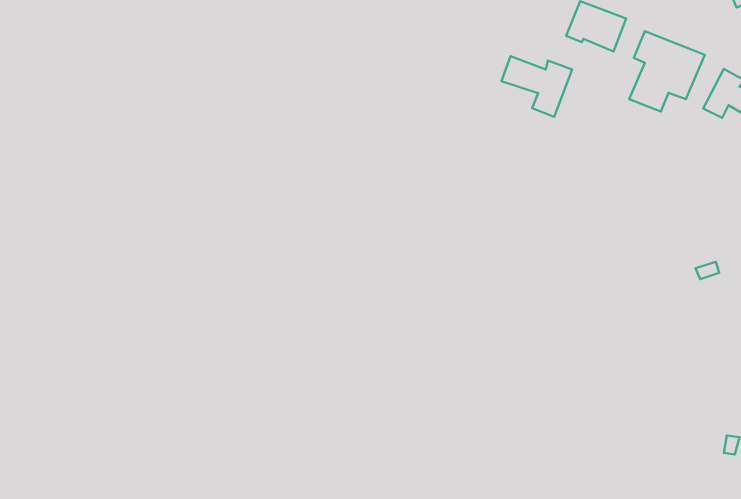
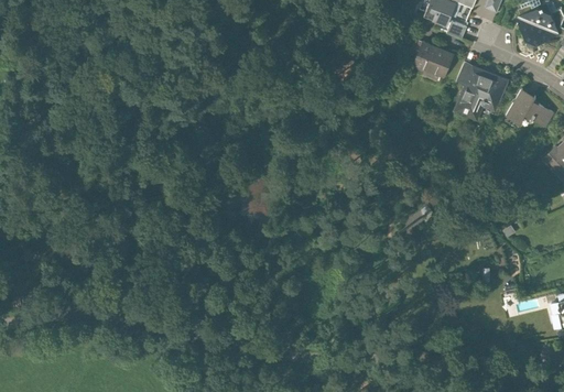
building: [502,56,572,117] -> none

